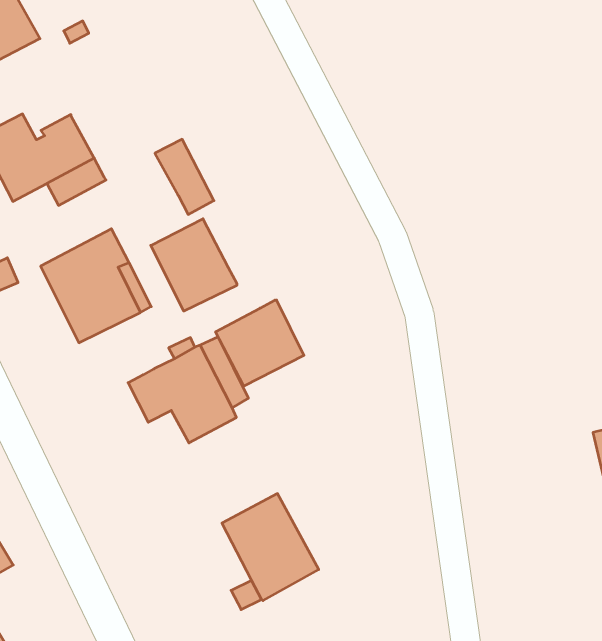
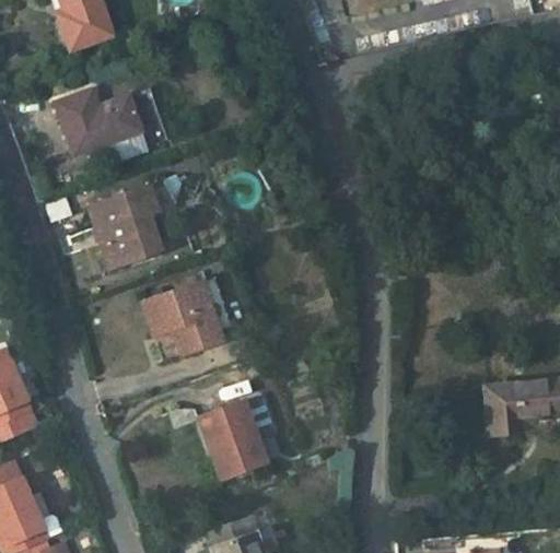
building: [155,139,214,214] -> [126,89,165,145]
building: [151,219,237,311] -> none
building: [216,300,304,386] -> none

